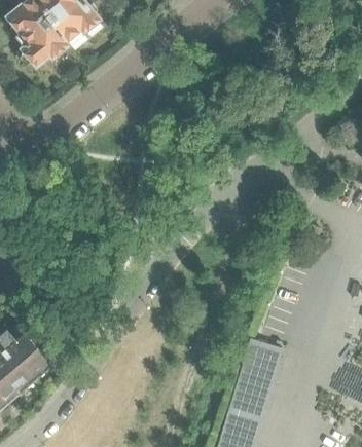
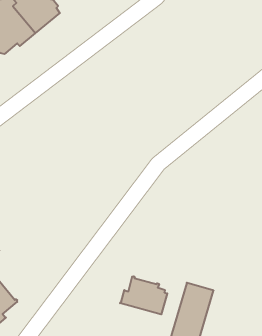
building: none -> [120,276,167,314]

